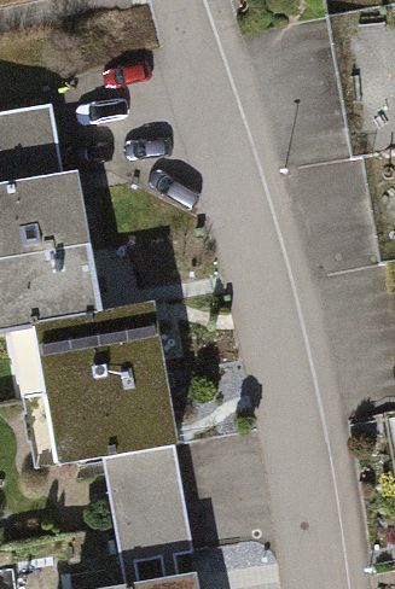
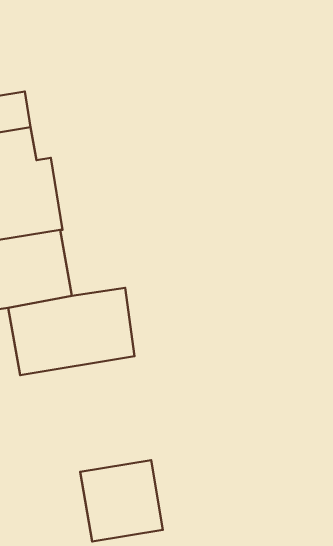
building: [47,374,181,492] -> none

